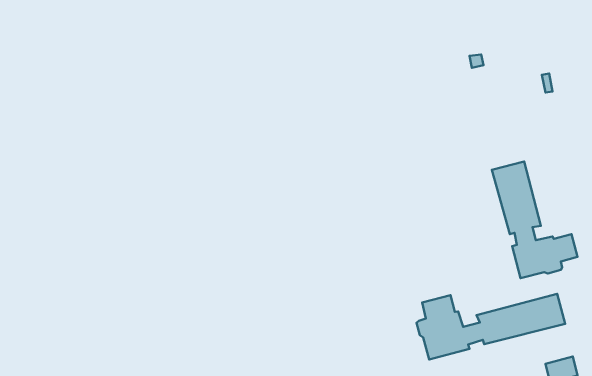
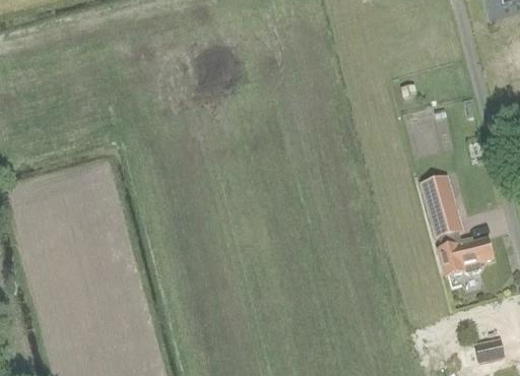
building: [417,294,565,360] -> none

